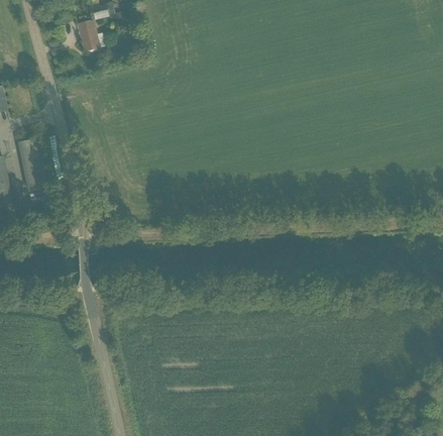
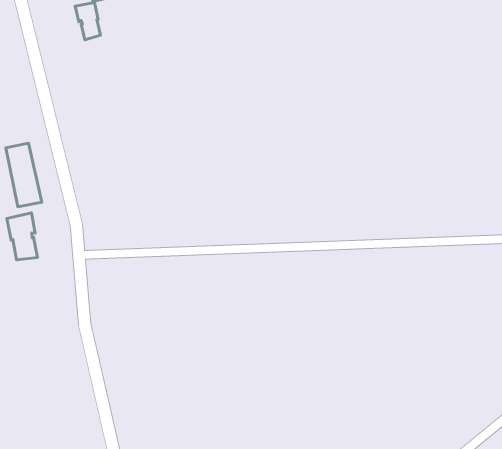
building: none -> [7,213,37,260]

